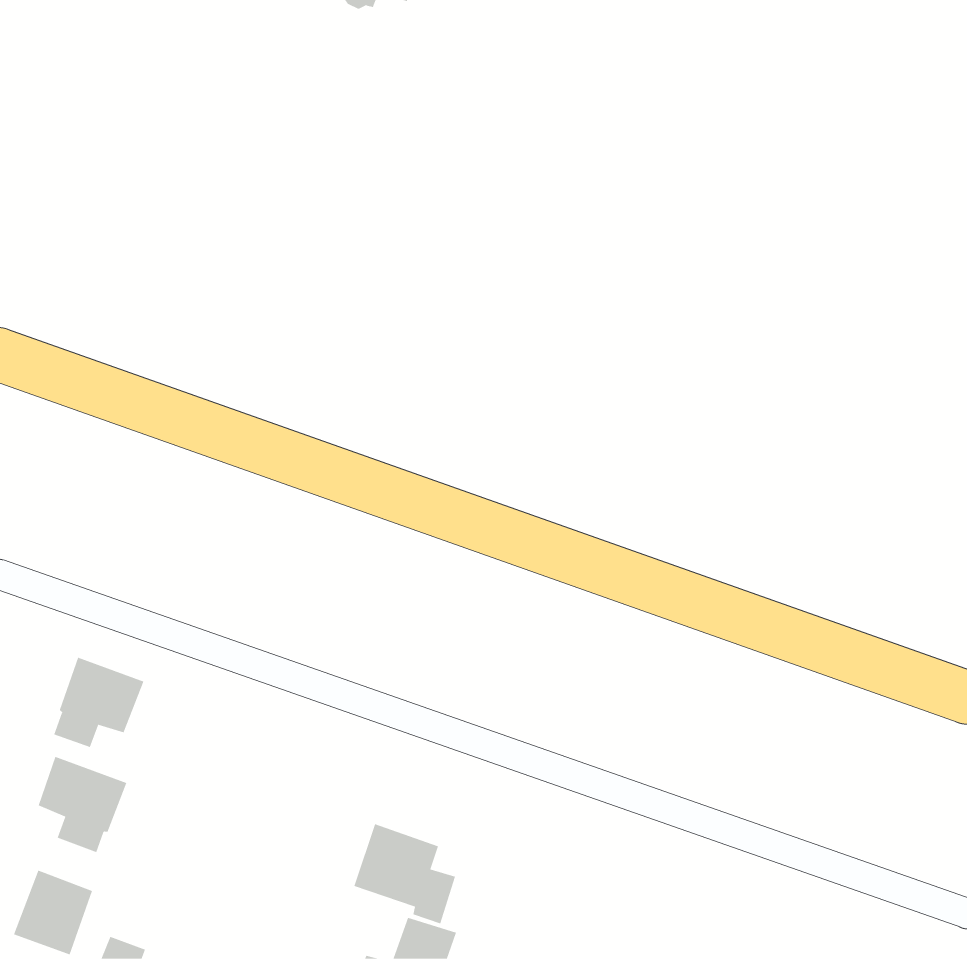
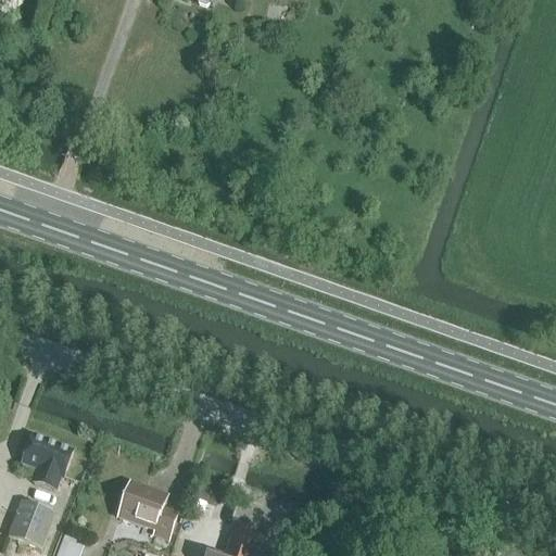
building: [53,657,144,748] -> none
building: [354,824,456,924] -> [118,481,177,539]

